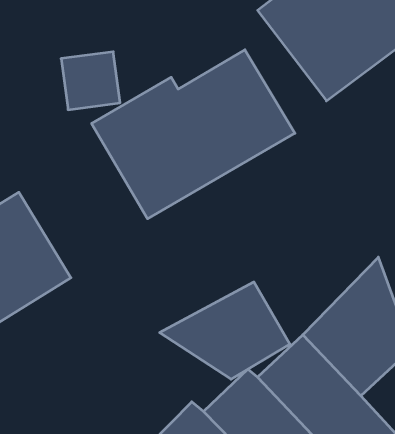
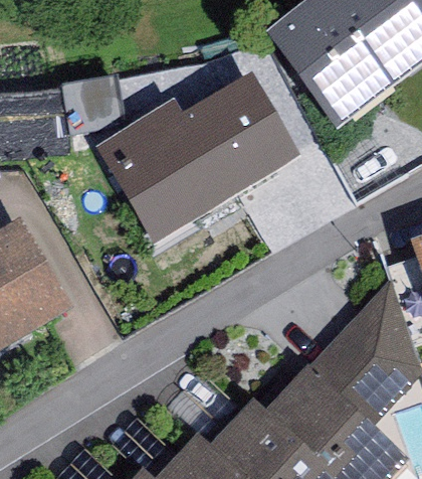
building: [160,282,290,379] -> none

